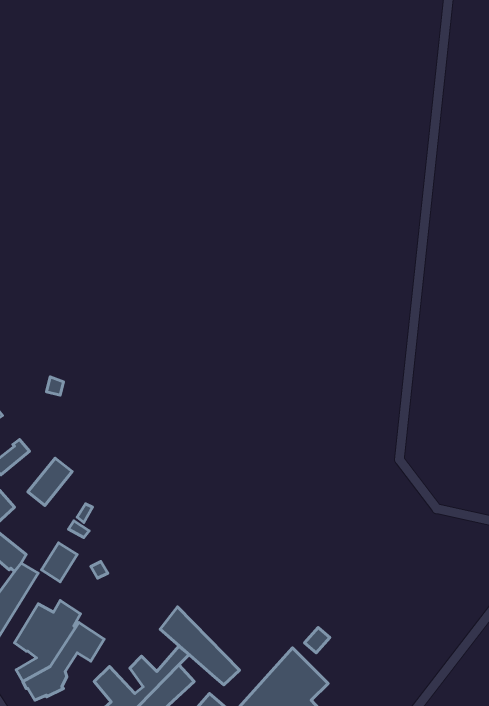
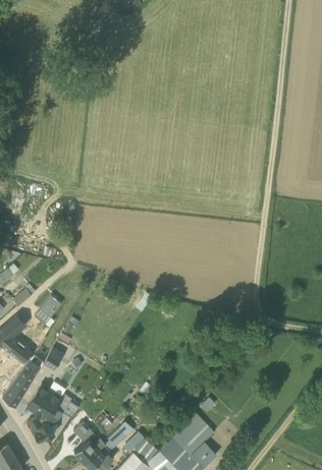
building: [160,607,239,685] -> none

